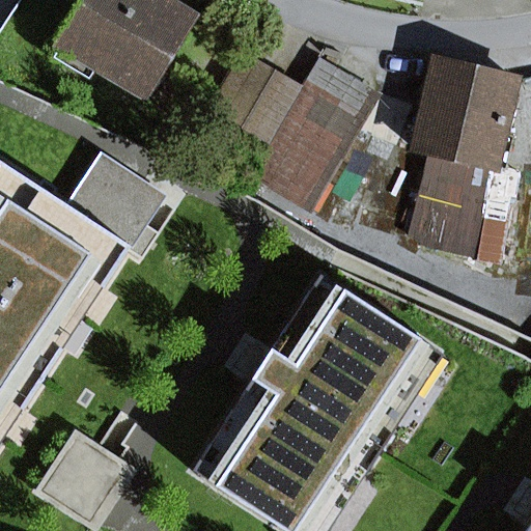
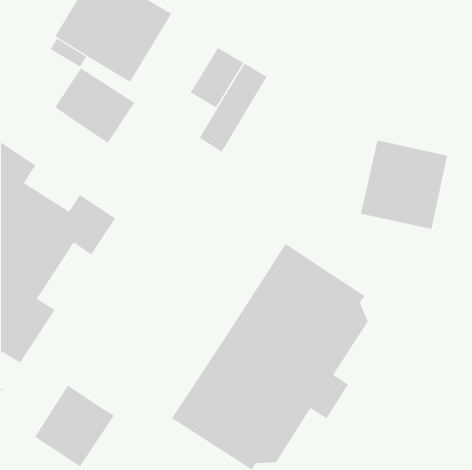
building: [414,57,518,166] -> none
building: [251,58,374,206] -> none
building: [71,160,161,245] -> [55,68,135,143]

